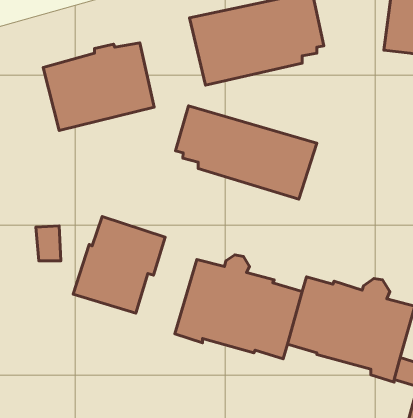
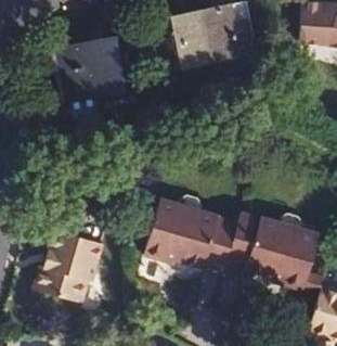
building: [175,106,317,199] -> none
building: [73,217,165,313] -> [31,229,100,300]

